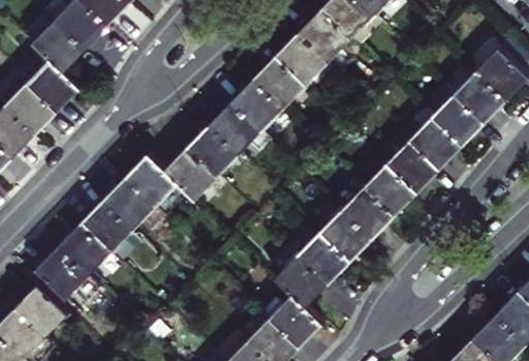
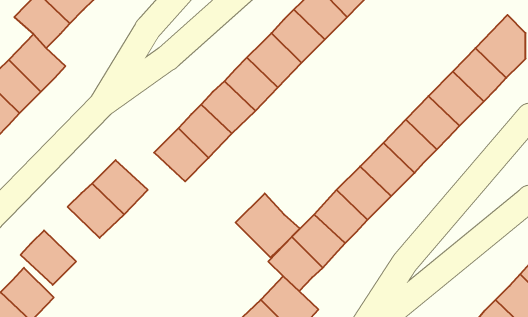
building: [127,158,180,209] -> none
building: none -> [236,193,300,257]
building: [58,225,112,278] -> none

